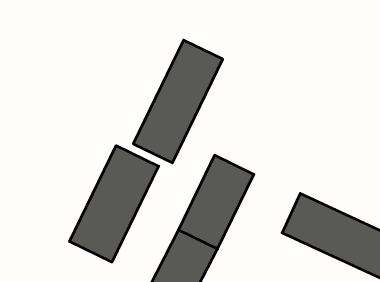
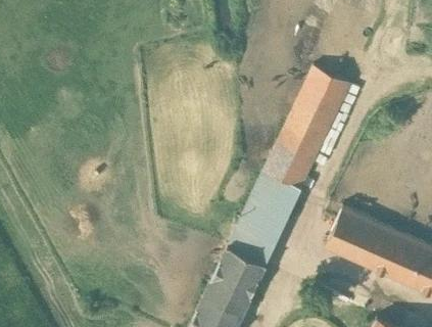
building: [133,40,223,163] -> [262,66,353,191]
building: [70,146,159,262] -> none

